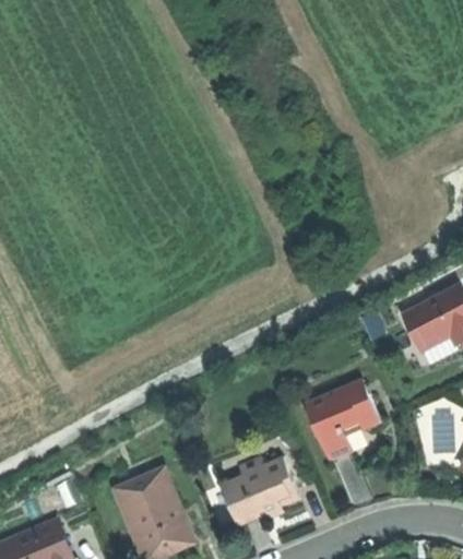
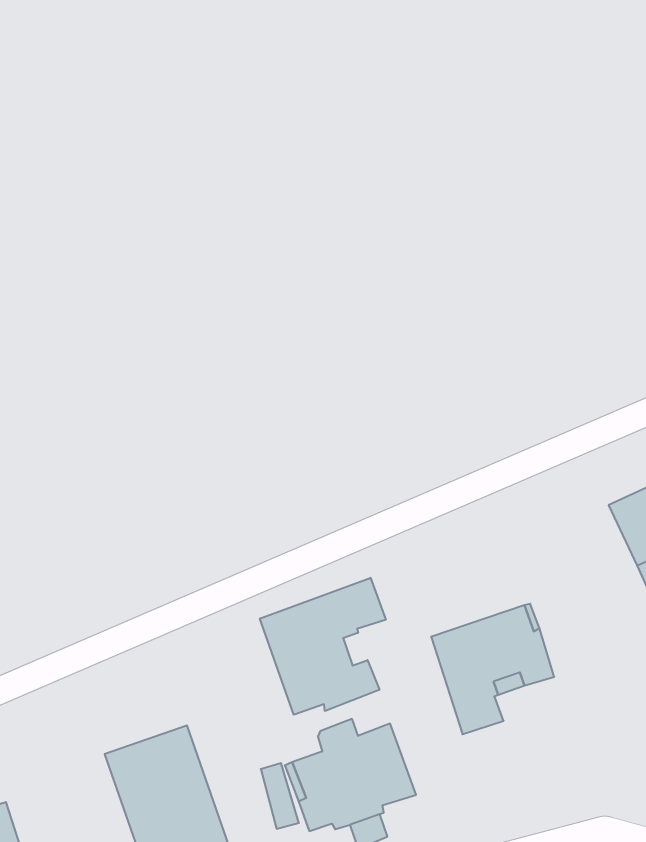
building: none -> [260,578,386,715]

